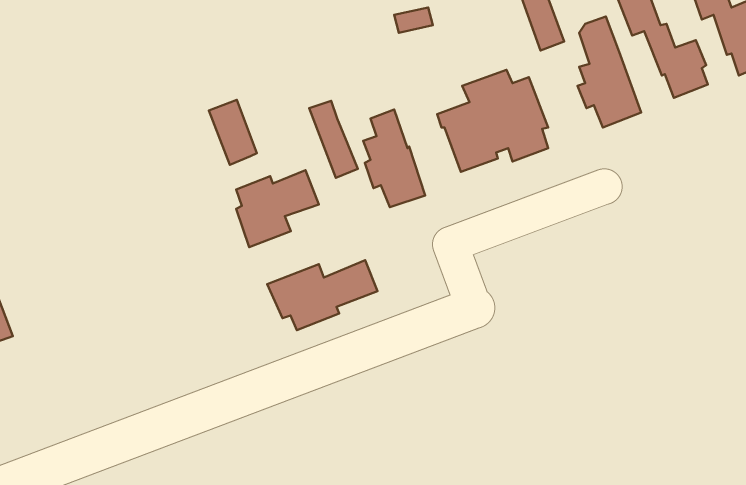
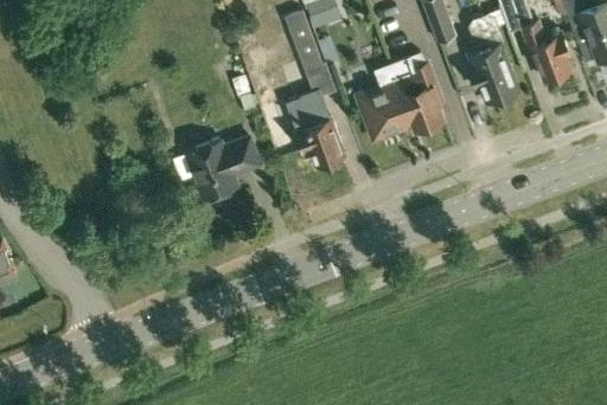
building: [209,100,257,165] -> none
building: [309,101,358,178] -> [285,12,324,73]
building: [267,260,377,330] -> none

